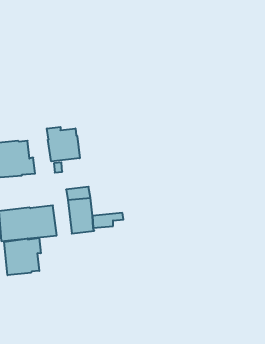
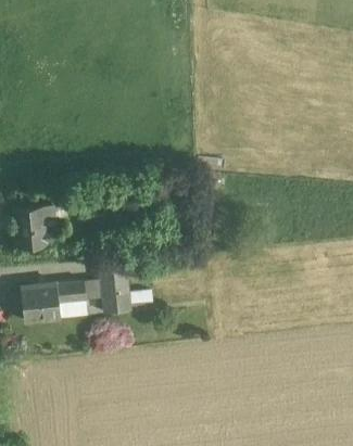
building: [47,127,80,161] -> none
building: [4,238,41,275] -> none

